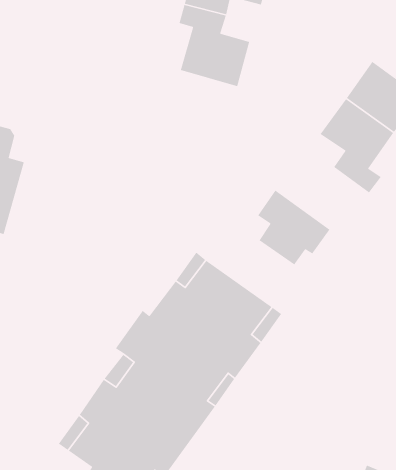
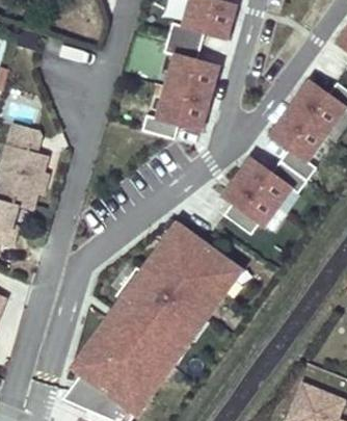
building: none -> [141,86,208,138]
building: none -> [236,156,306,206]

